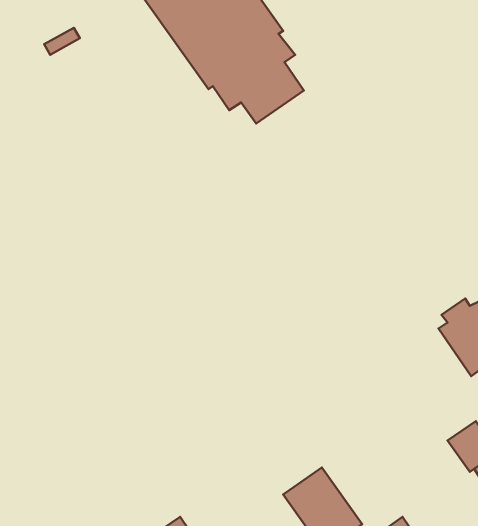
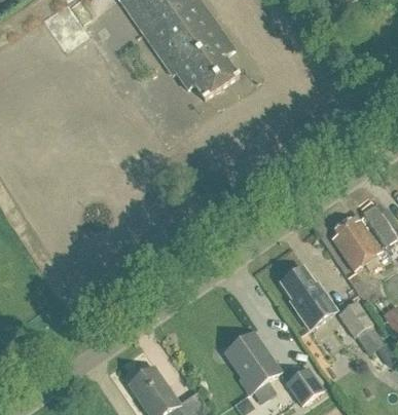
building: none -> [281,267,334,326]

